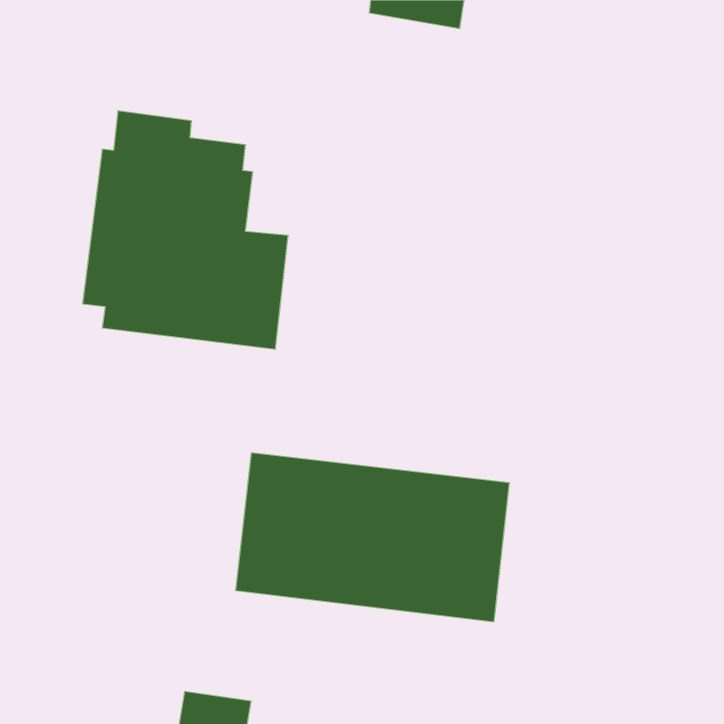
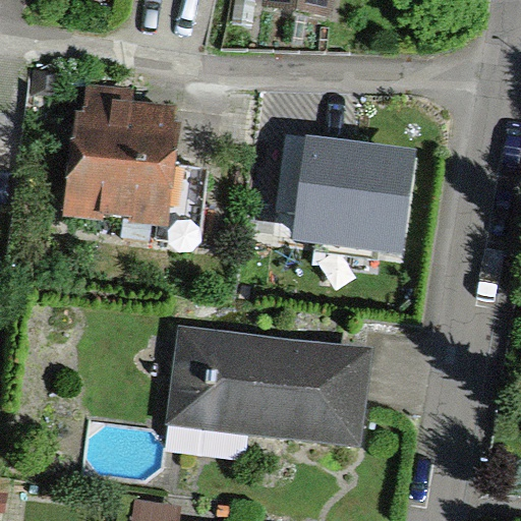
building: none -> [291,132,417,260]

